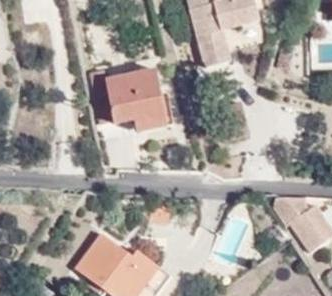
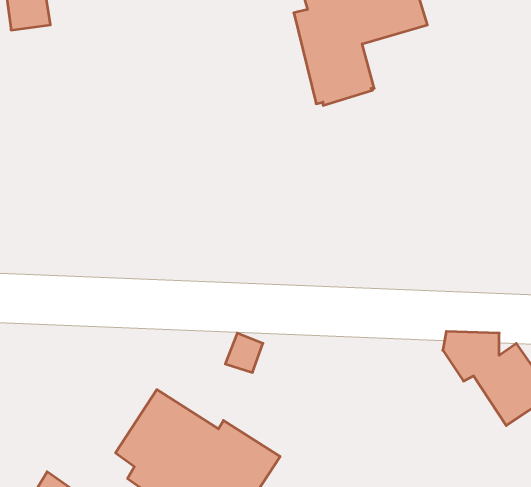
building: [91,65,170,131] -> none

